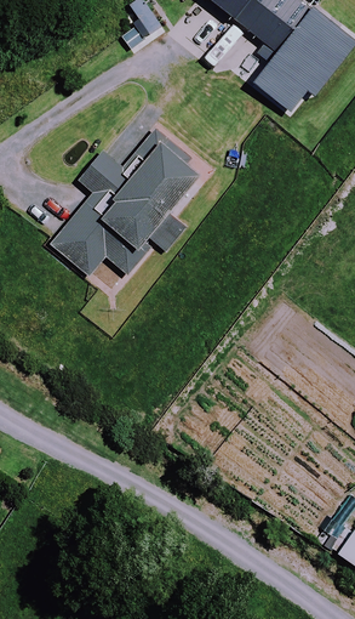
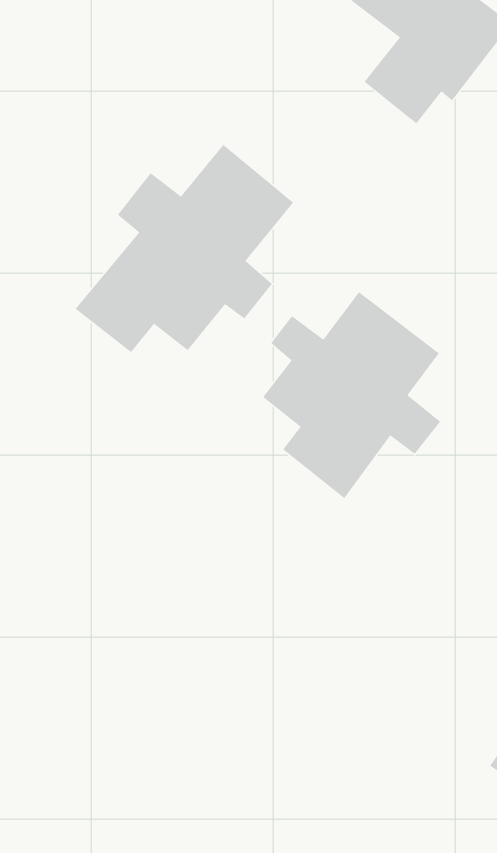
building: none -> [262,291,441,499]

